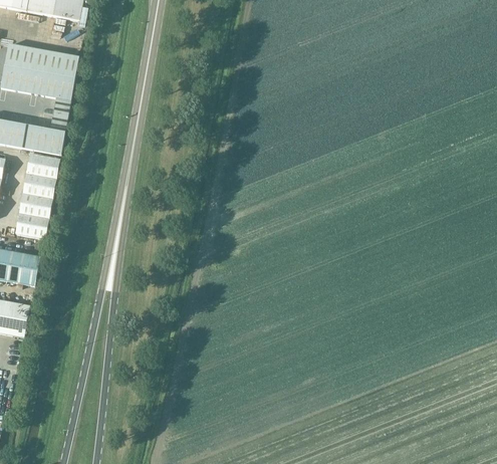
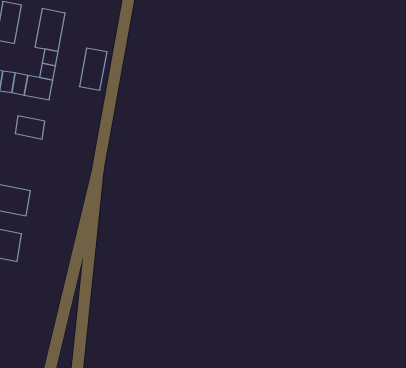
building: [21,48,52,95] -> [79,48,107,90]
building: [25,154,59,179] -> none
building: [14,193,52,238] -> none

